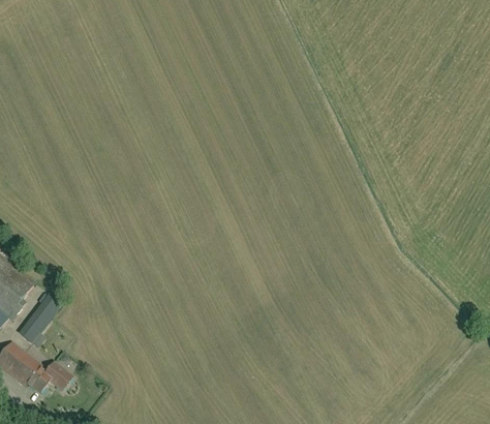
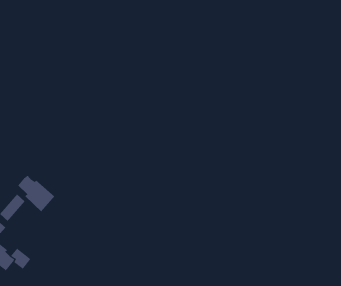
building: none -> [17,175,55,212]

